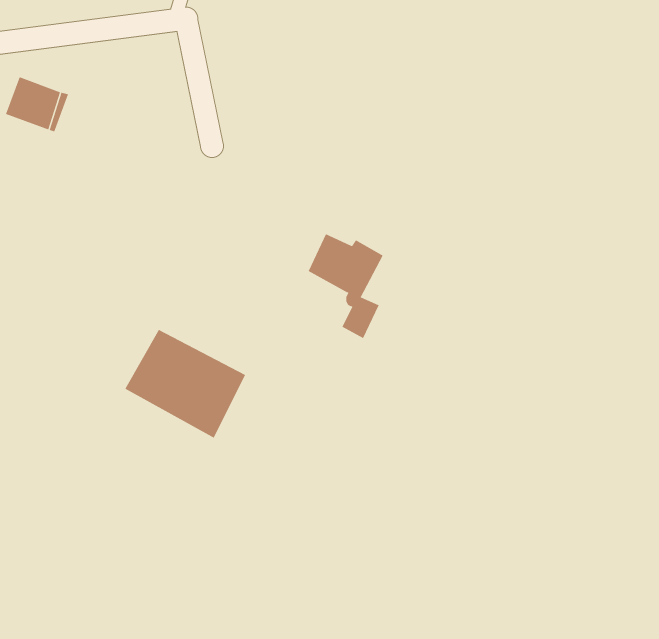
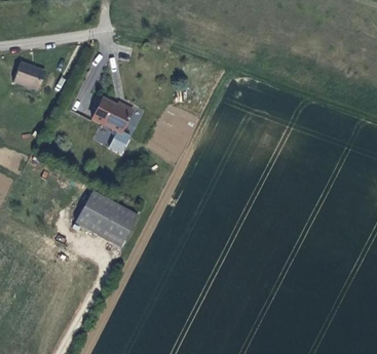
building: [308,233,383,339] -> [92,102,131,156]

